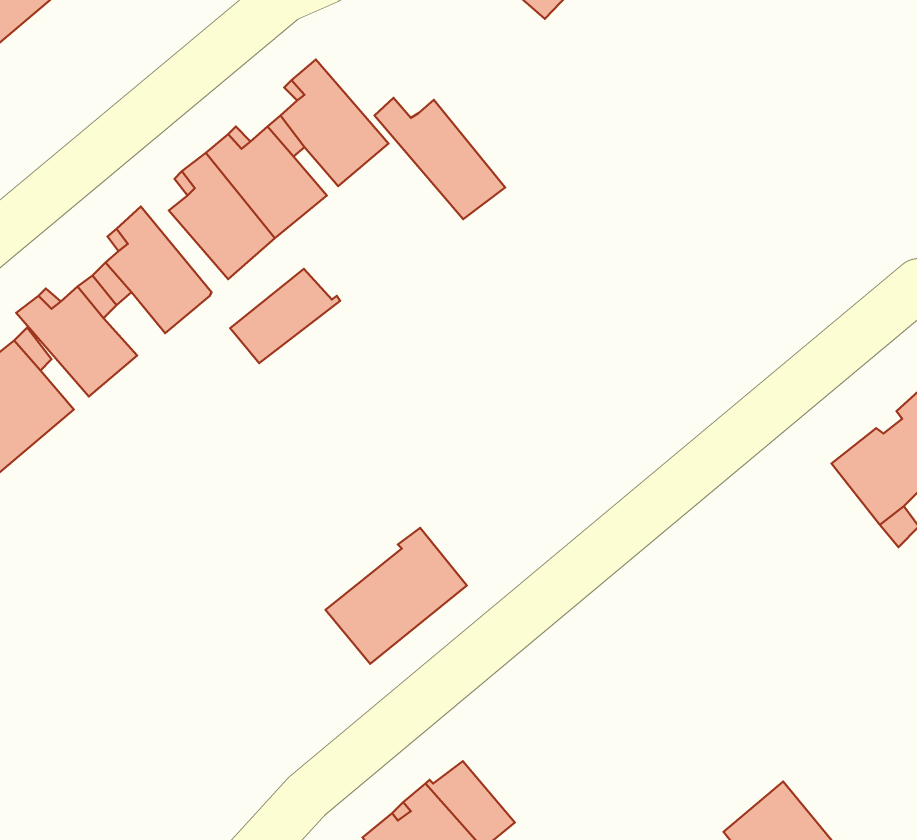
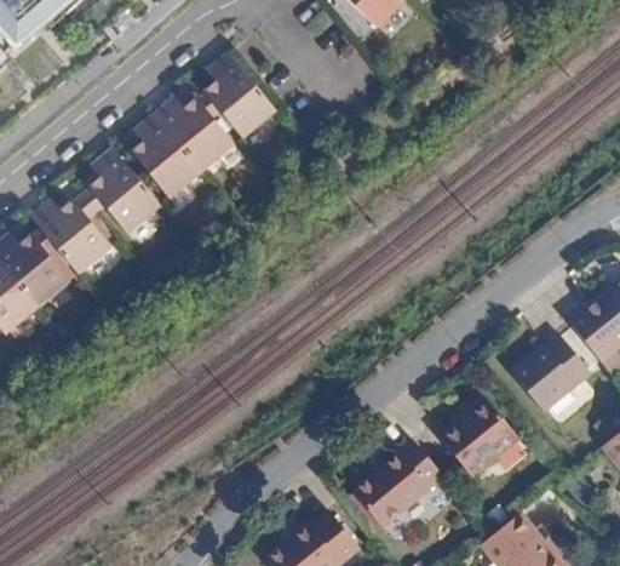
building: [374,98,505,219] -> none
building: [230,269,340,363] -> none
building: none -> [518,343,597,418]
building: [325,528,467,664] -> [351,440,443,528]
building: none -> [449,407,527,485]

